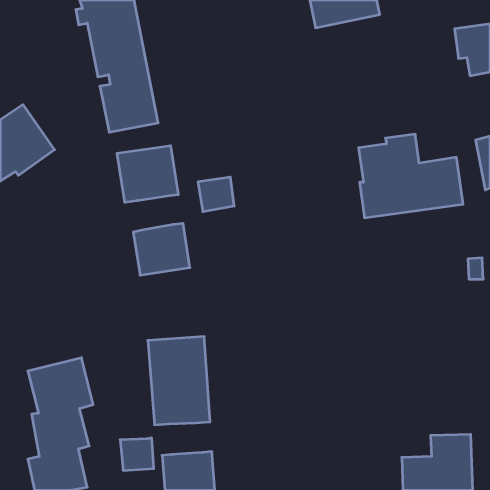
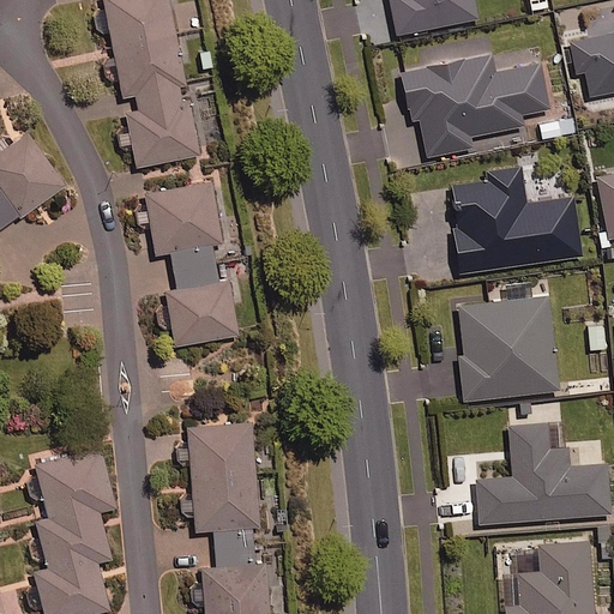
building: none -> [399,55,547,156]
building: [198,177,234,212] -> [171,245,217,288]
building: none -> [453,295,556,402]
building: none -> [474,423,608,524]
building: [120,438,154,470] -> [211,528,253,568]

